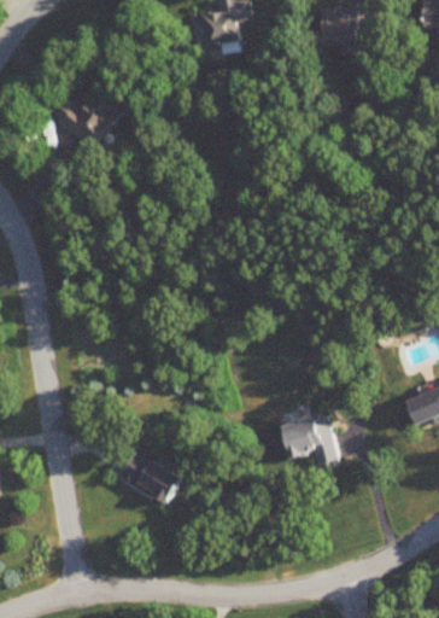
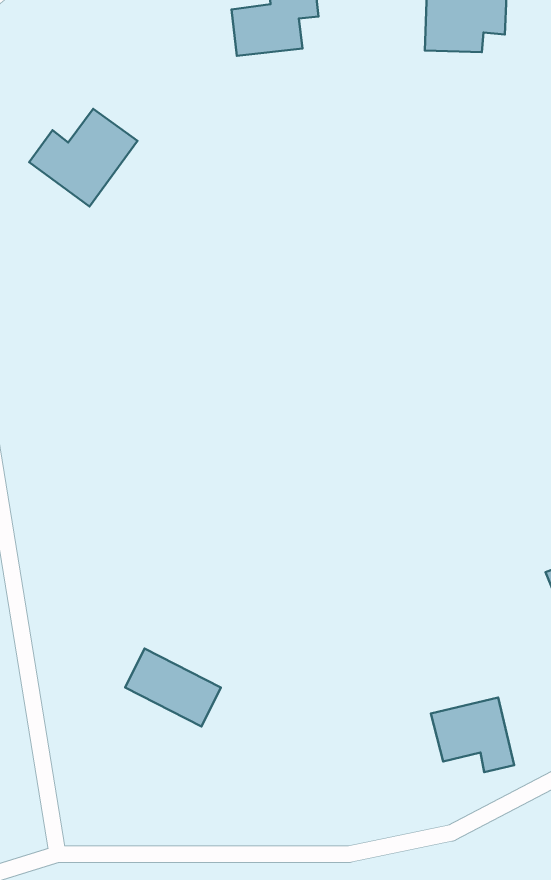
building: [280,414,336,465] -> [431,698,514,772]

